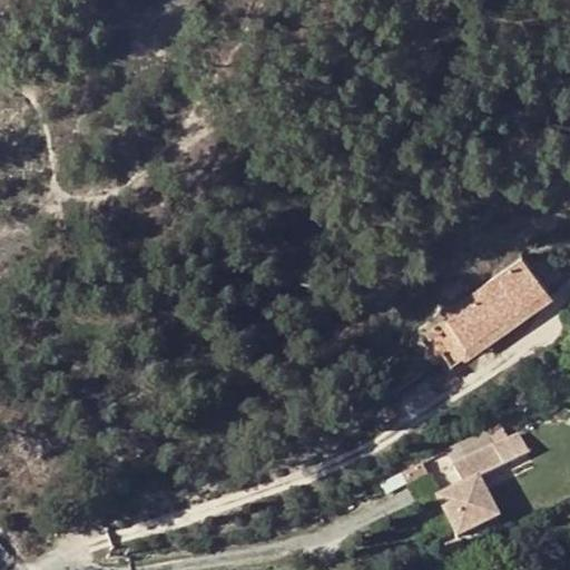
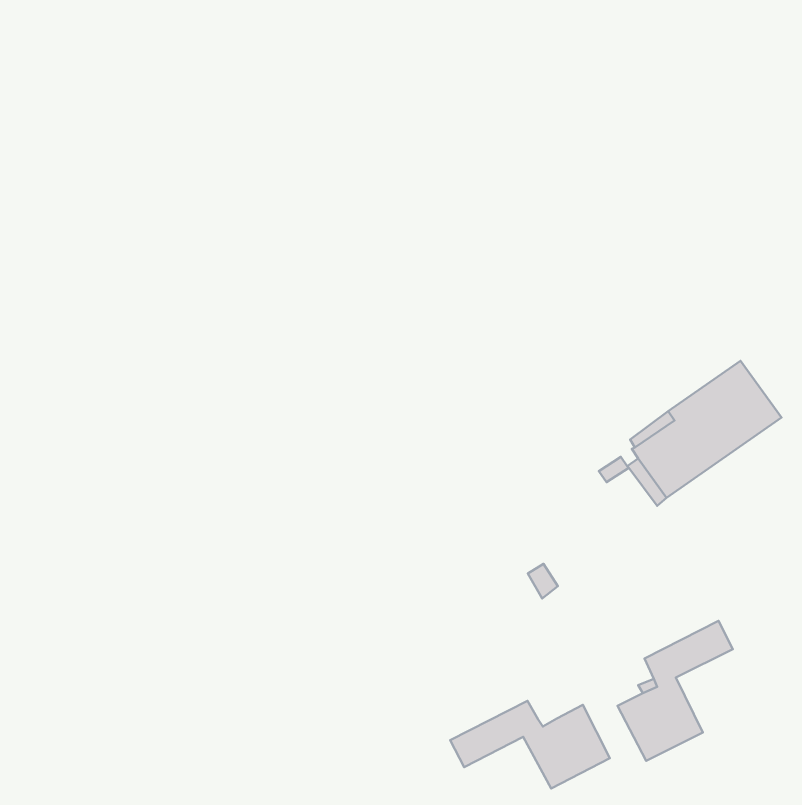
building: none -> [450,701,610,789]

